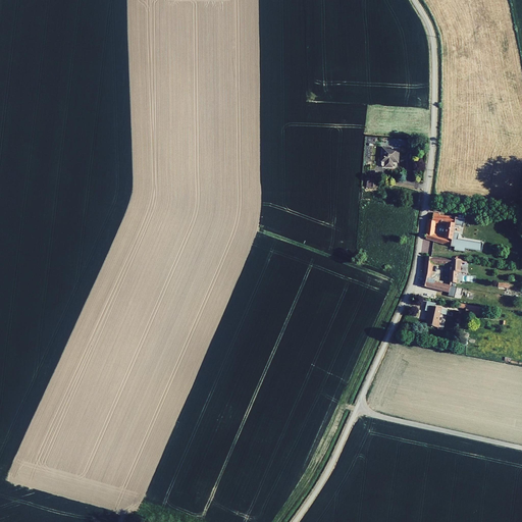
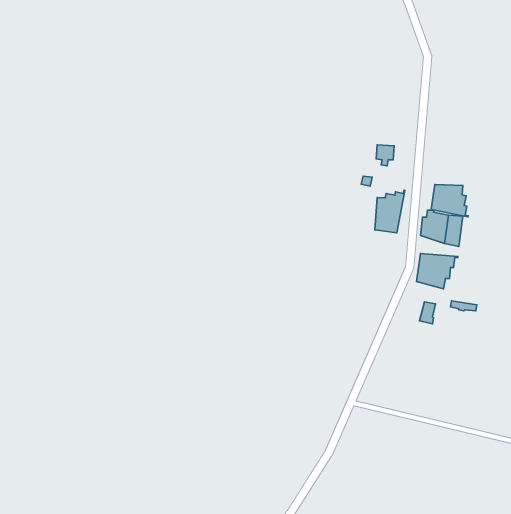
building: none -> [431,184,468,217]
building: none -> [375,190,405,233]

